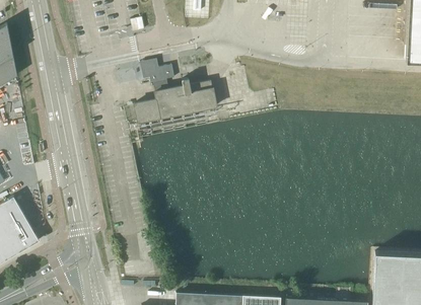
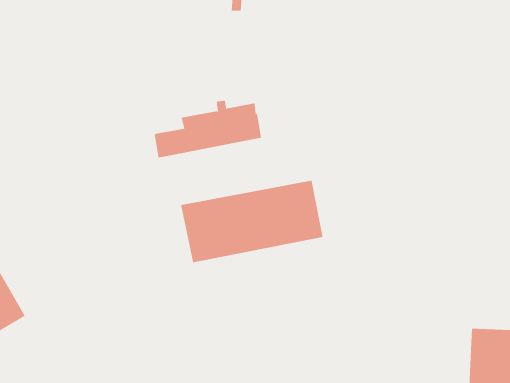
building: [144,63,174,83] -> none
building: none -> [181,180,323,263]

